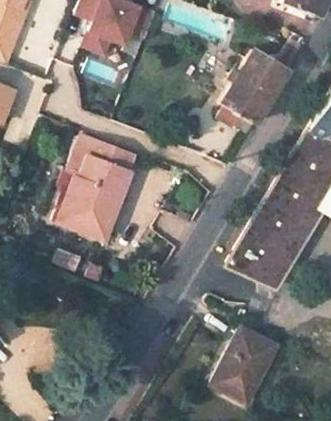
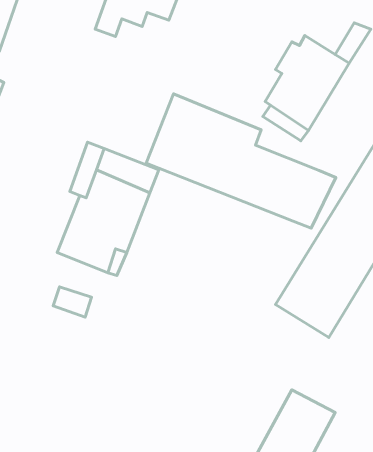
building: none -> [146,94,336,228]

